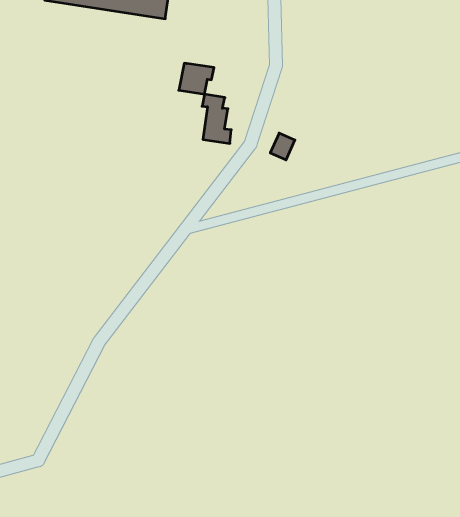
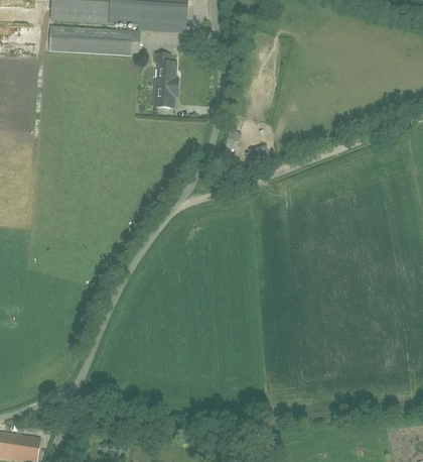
building: [202,94,231,143] -> [154,52,177,87]

